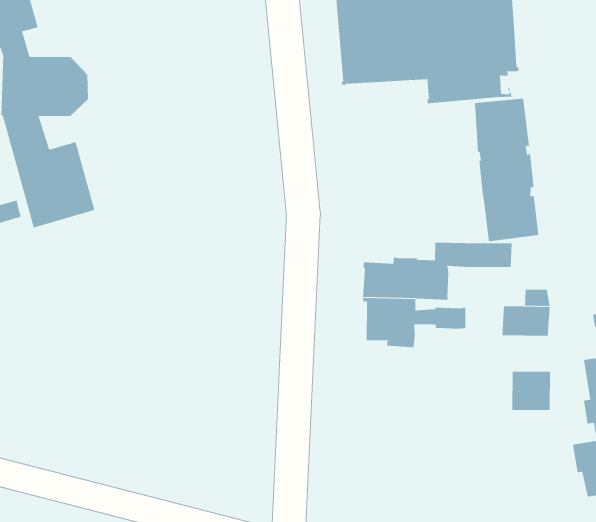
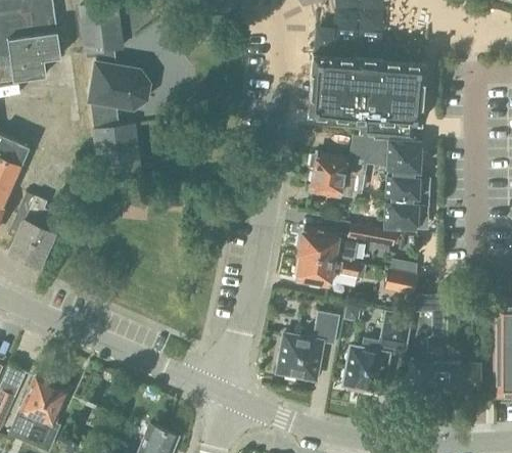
building: none -> [309,135,369,196]
building: none -> [277,311,340,379]
building: none -> [344,338,390,392]

